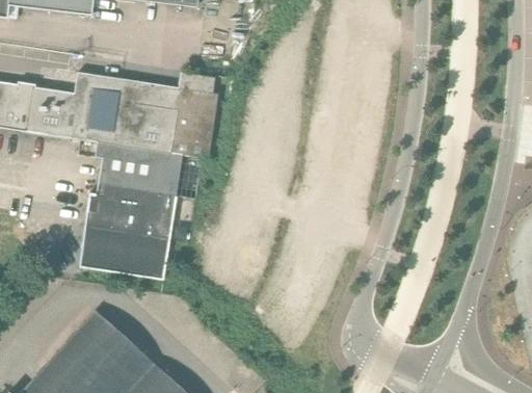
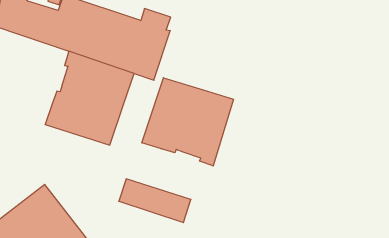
building: none -> [142,78,233,166]
building: [79,237,167,279] -> [119,179,191,223]

